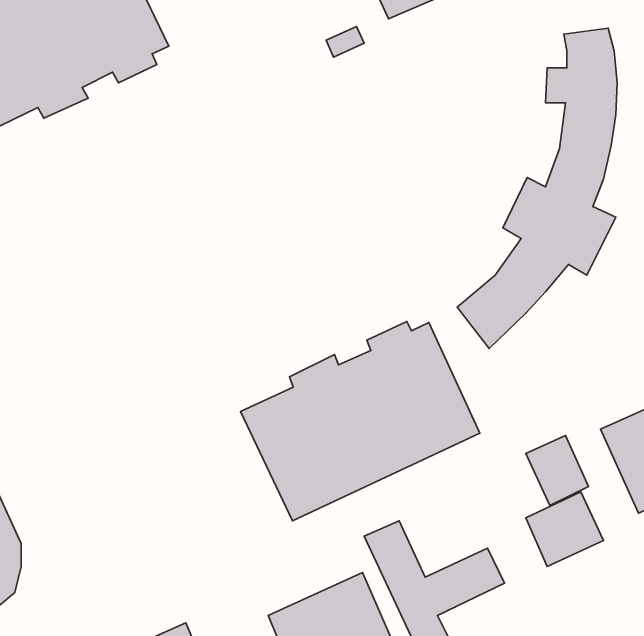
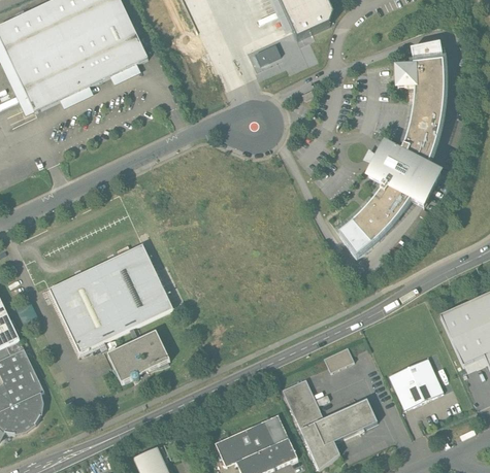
building: [240,322,480,521] -> none
building: none -> [51,244,175,356]
building: [526,436,588,505] -> none
building: none -> [111,329,173,383]

